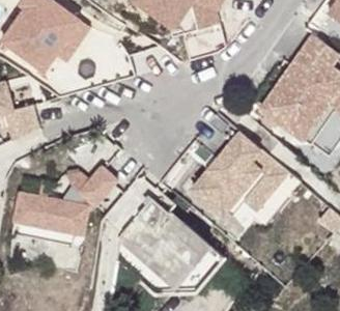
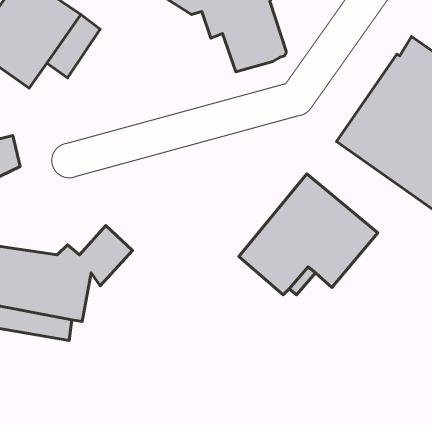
building: [104,190,223,298] -> none

